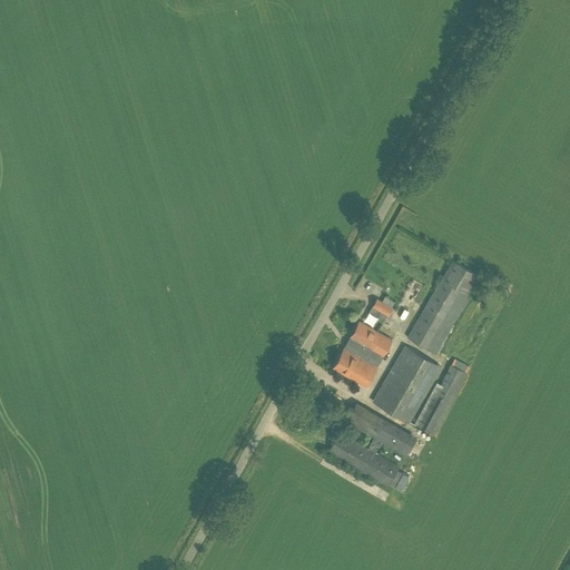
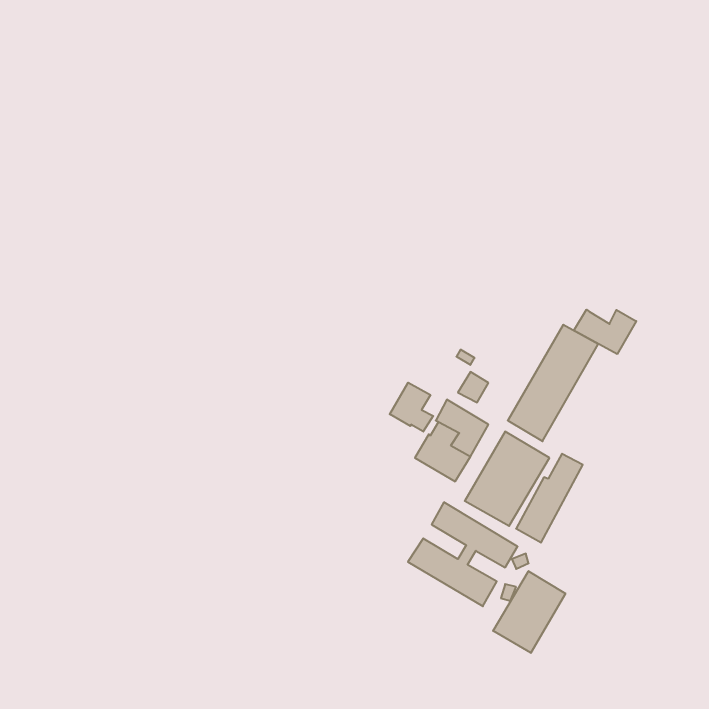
building: none -> [574,310,636,354]
building: none -> [390,383,433,432]
building: none -> [493,571,565,653]

